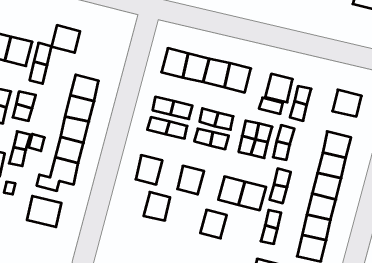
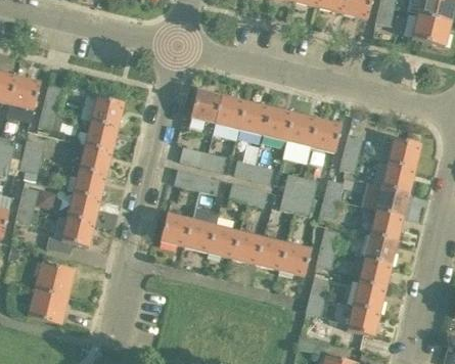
building: [52,25,80,53] -> [91,95,124,127]
building: none -> [286,112,317,145]
building: none -> [381,162,415,192]
building: [144,192,170,220] -> [184,219,215,252]
building: [200,210,227,238] -> [232,231,263,264]
building: none -> [28,287,69,323]

